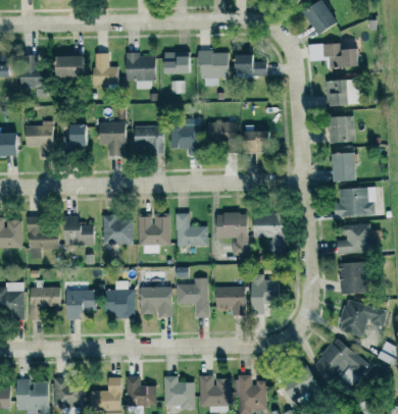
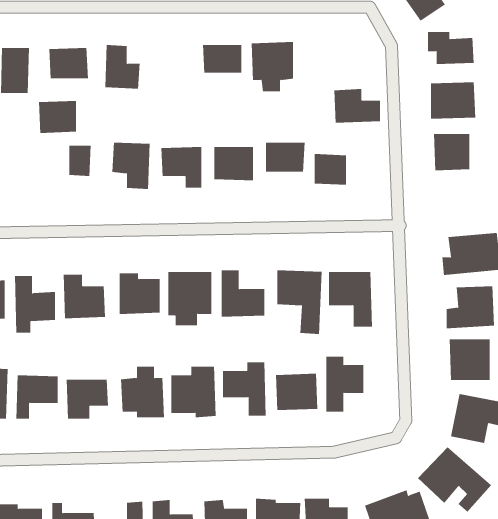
building: [126,52,155,90] -> none
building: [233,54,266,79] -> [334,89,381,123]
building: [23,124,51,148] -> [38,100,77,133]
building: [331,153,353,182] -> none

